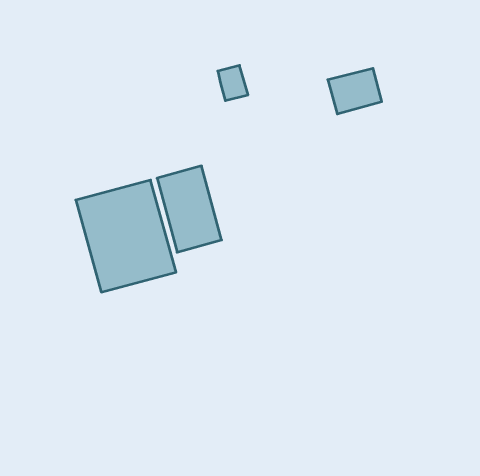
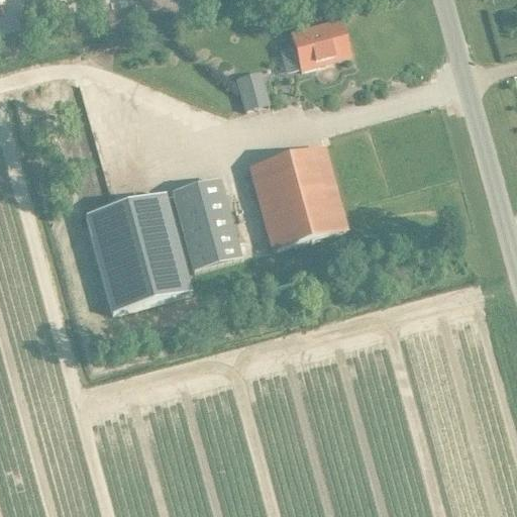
building: [328,68,382,114] -> [291,18,348,67]
building: none -> [249,145,346,246]

